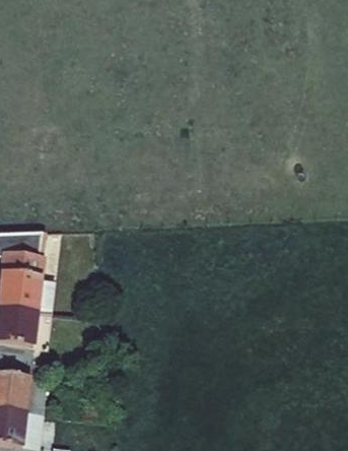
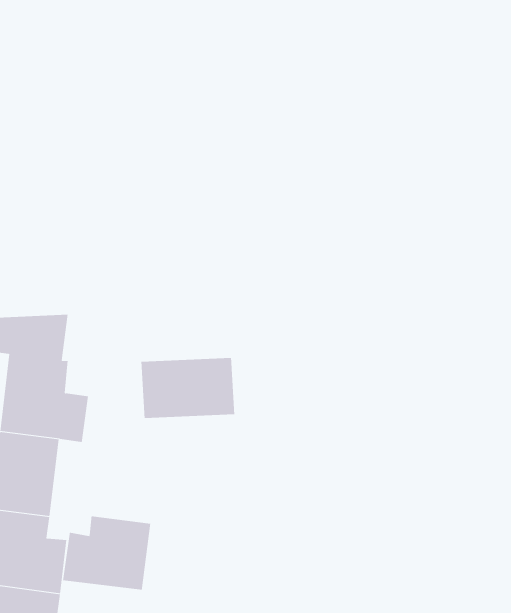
building: none -> [141,357,235,419]
building: none -> [62,516,151,591]

